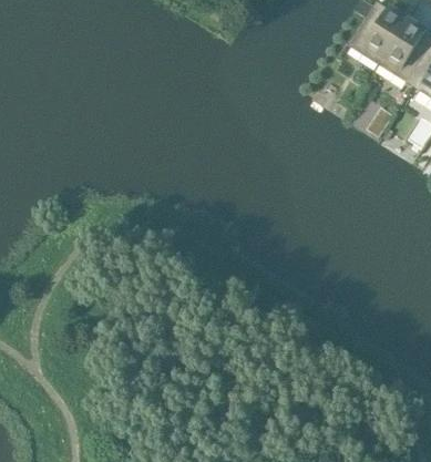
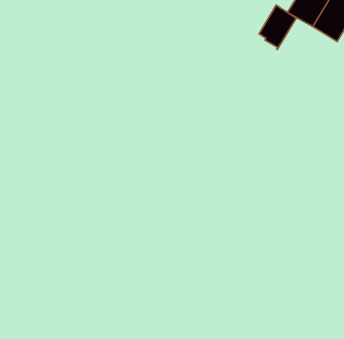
building: none -> [259,5,296,50]

